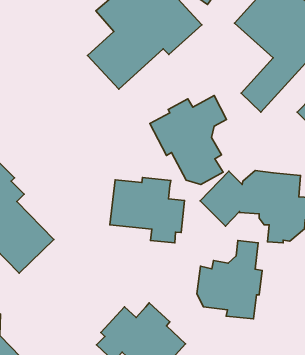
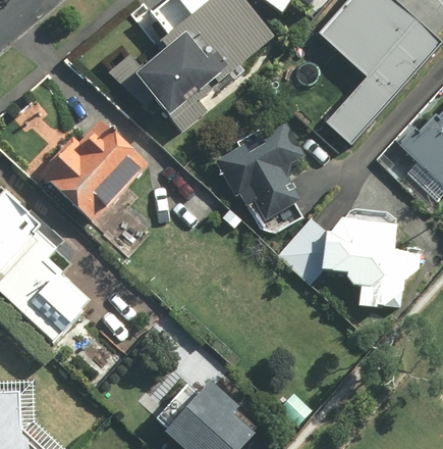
building: none -> [41,114,147,223]
building: [110,178,184,243] -> none
building: [197,241,262,319] -> none

